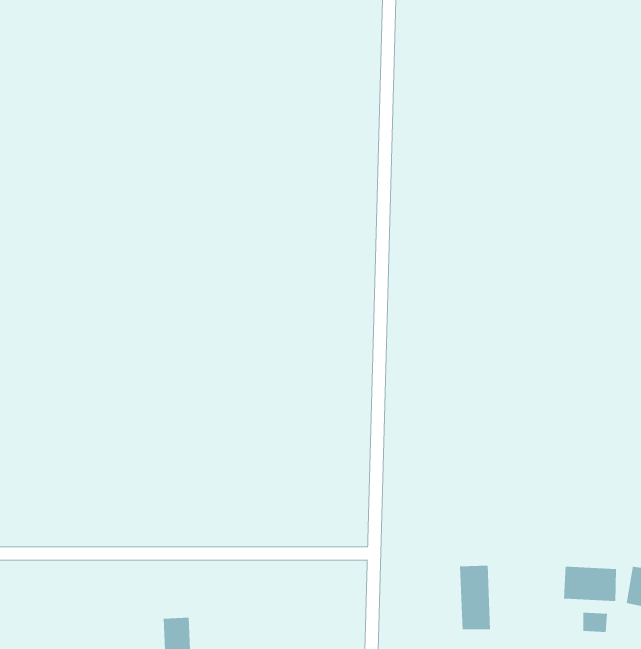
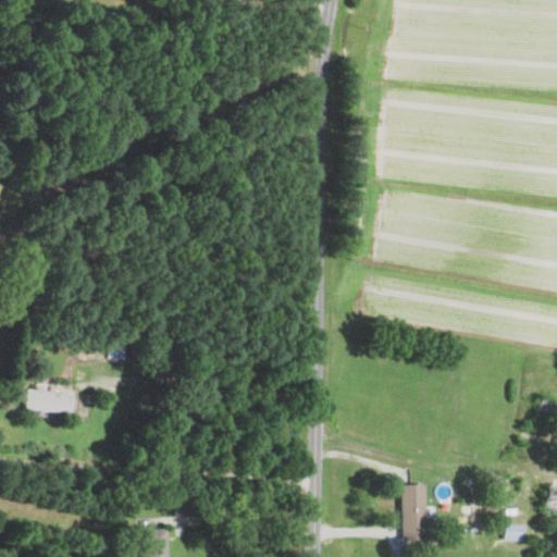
building: none -> [28,392,77,413]
building: [564,566,616,602] -> none

